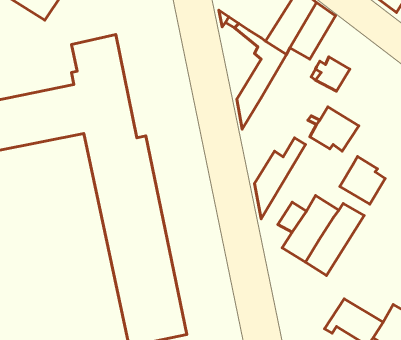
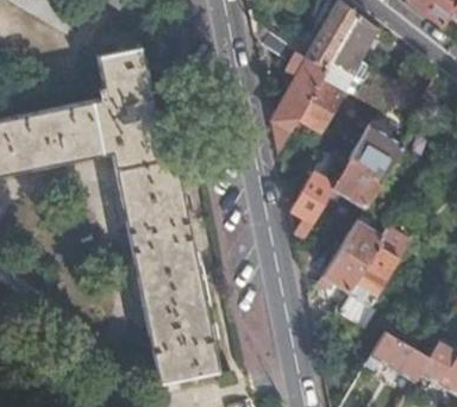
building: none -> [300,62,352,127]
building: [340,156,385,204] -> [333,157,382,208]

